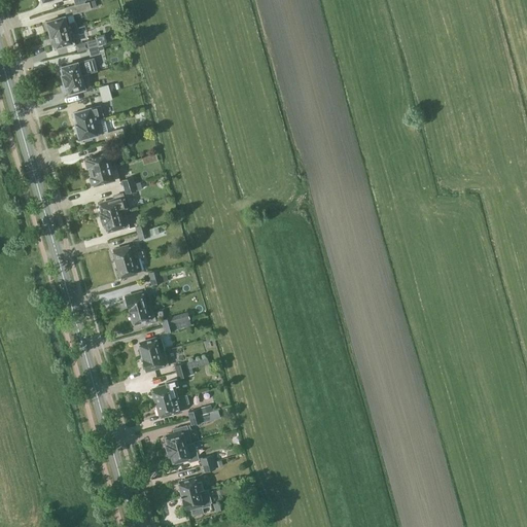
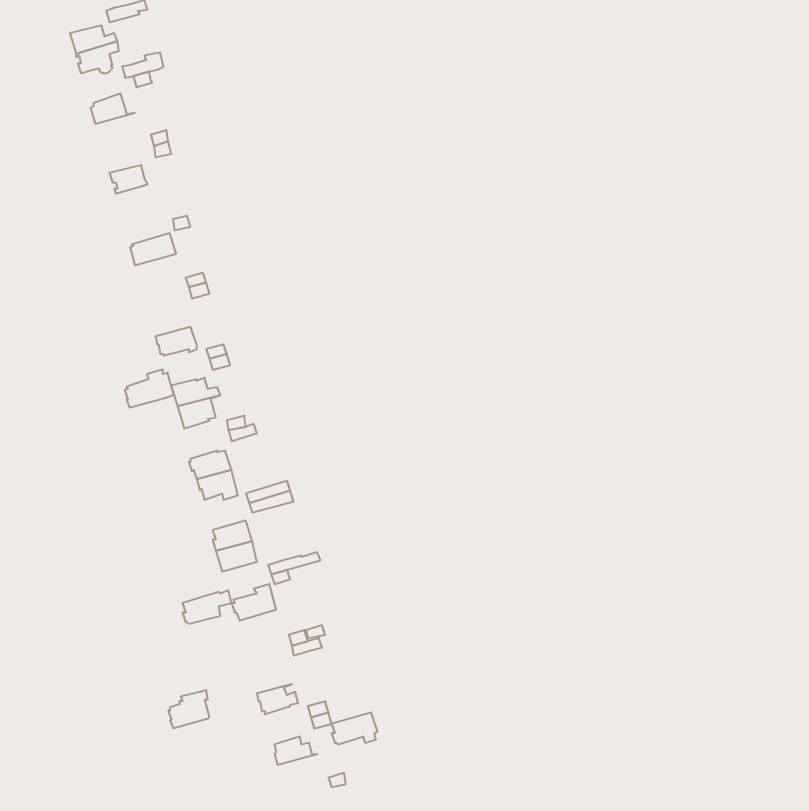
building: [62,73,93,93] -> none
building: [75,118,124,142] -> none
building: [87,165,118,185] -> none
building: [98,194,130,218] -> [125,370,174,408]
building: [155,394,187,416] -> [182,590,232,624]
building: [164,425,190,450] -> [168,690,209,728]
building: [180,489,210,510] -> [332,713,378,744]

